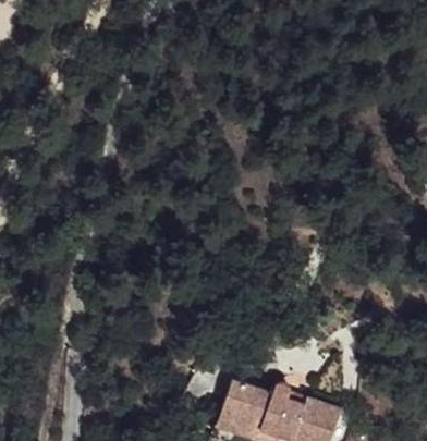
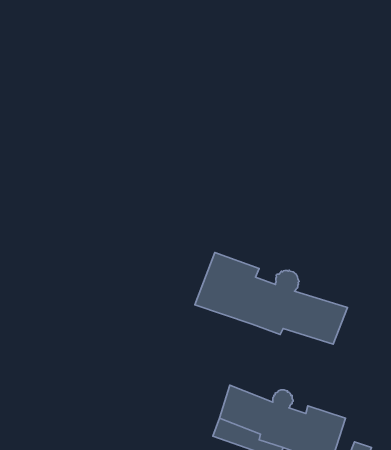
building: none -> [195,252,347,344]

